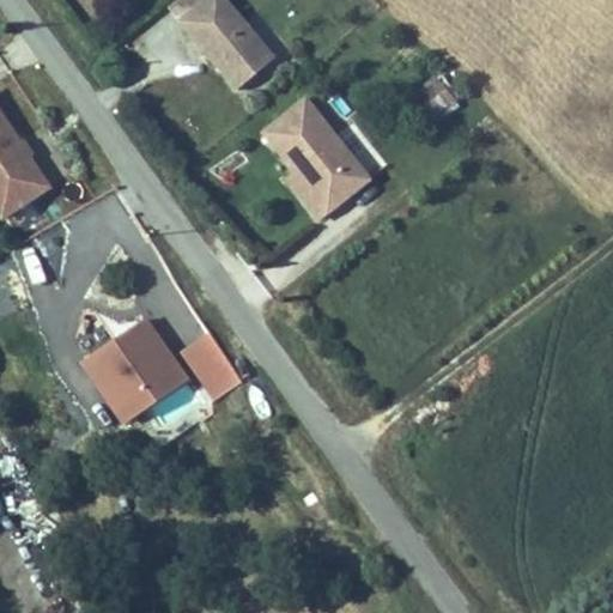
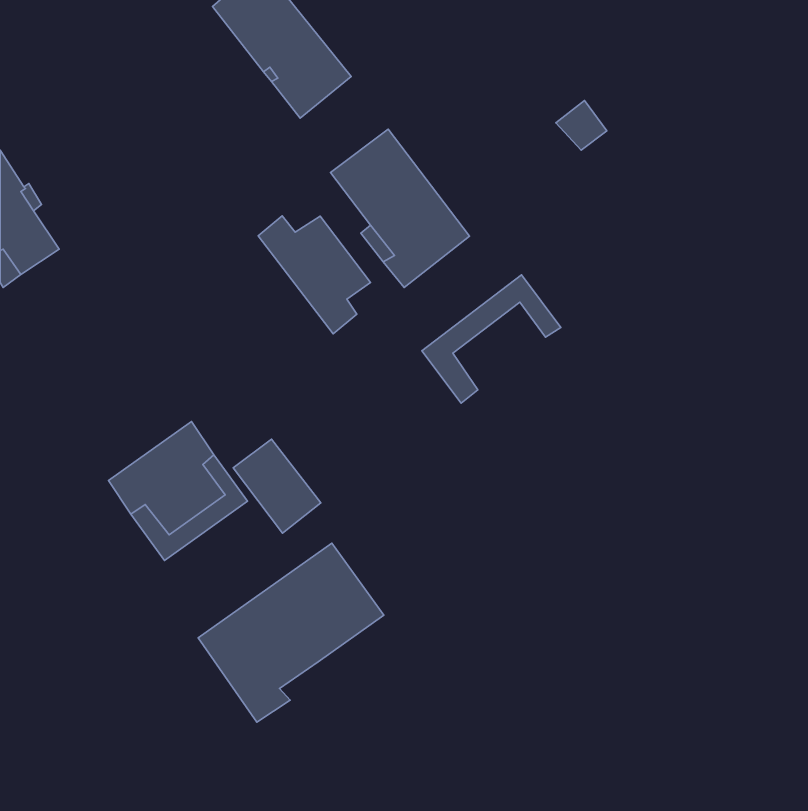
building: none -> [258,216,370,334]
building: none -> [422,275,561,403]
building: none -> [198,543,384,722]

